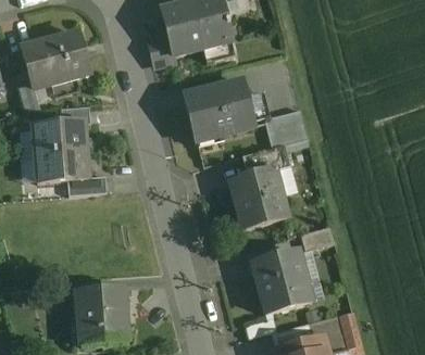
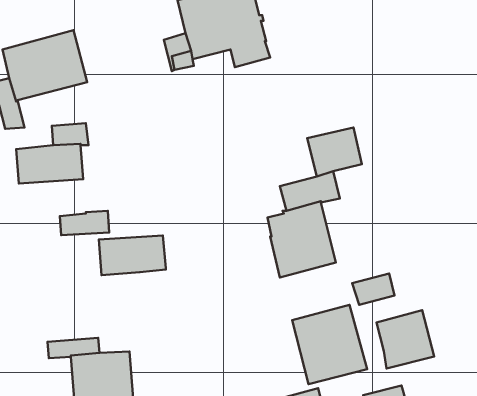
building: [184,79,254,140] -> none
building: [35,150,88,181] -> [99,235,166,275]
building: none -> [377,310,434,368]

